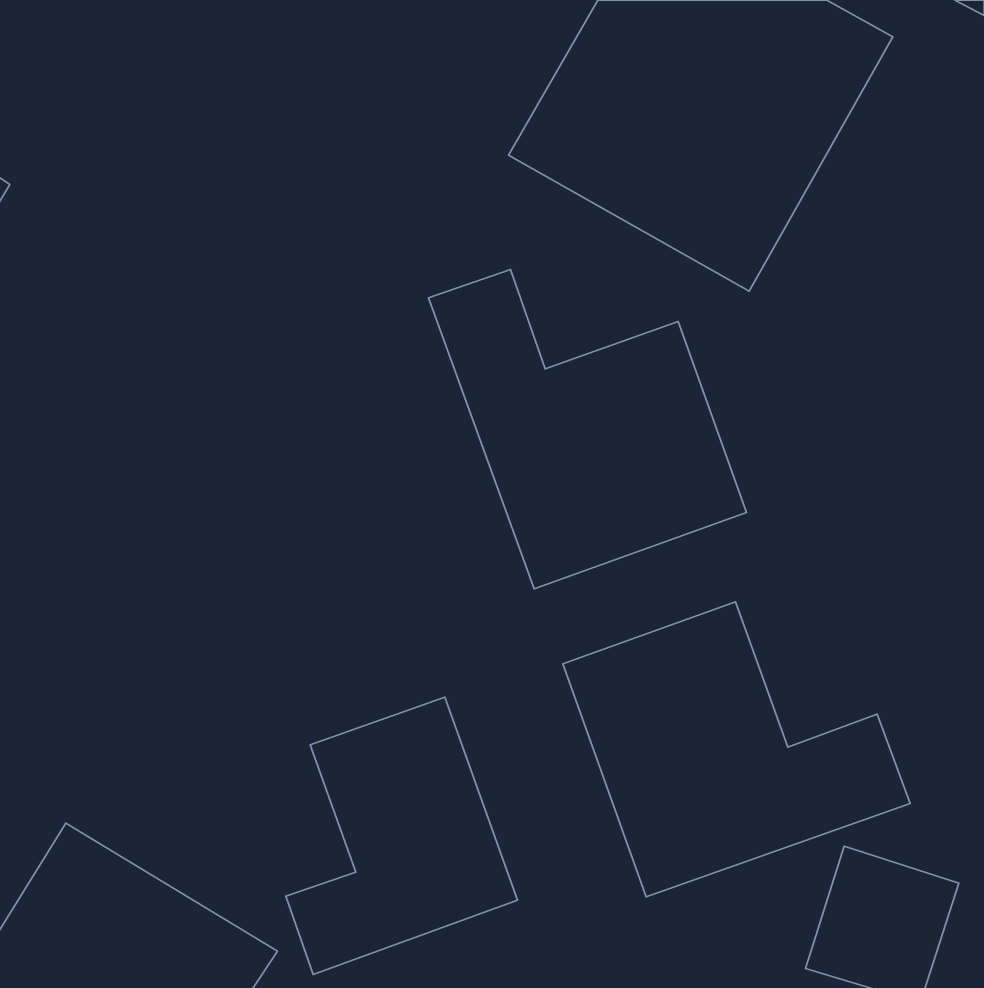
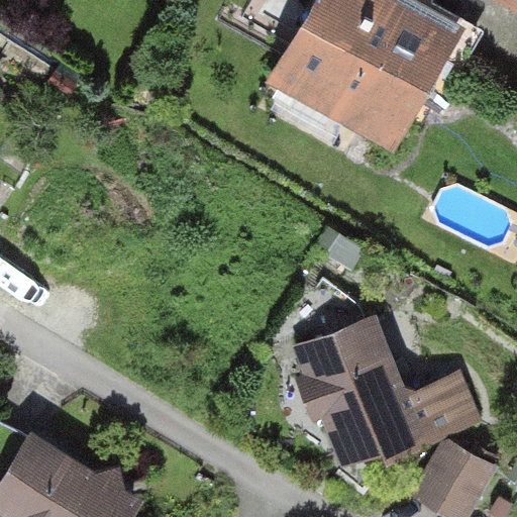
building: [428,269,747,589] -> none
building: [286,697,517,975] -> none

